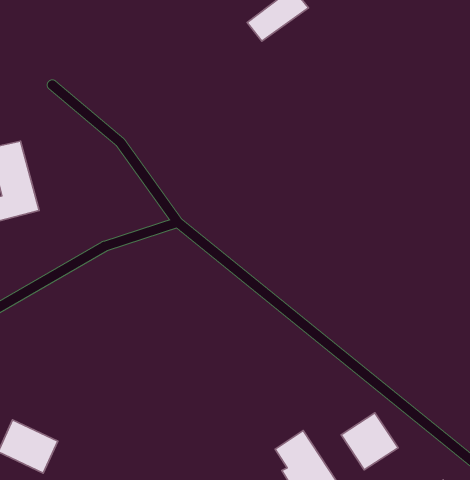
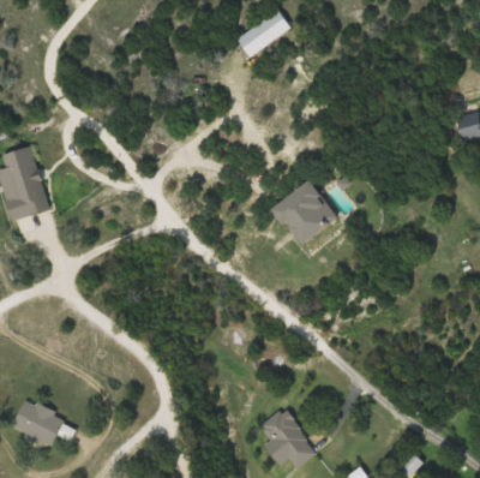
building: none -> [271,181,336,246]
building: [341,413,398,470] -> none

